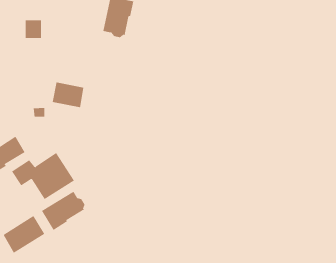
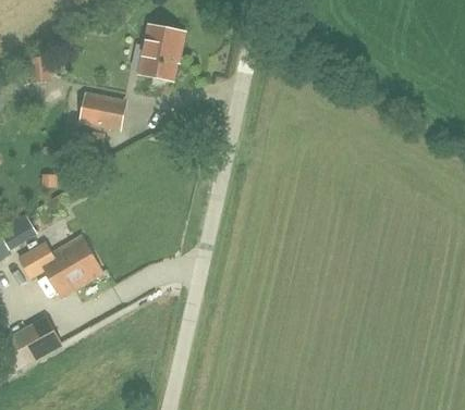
building: [52,82,84,108] -> [79,92,123,127]
building: [41,191,85,231] -> none

